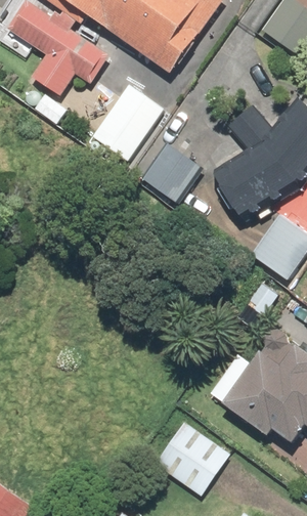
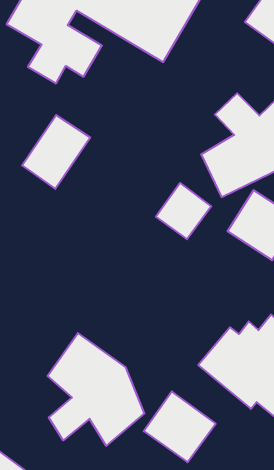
building: [93,83,165,161] -> [22,115,90,189]
building: [141,142,200,202] -> [156,183,211,239]
building: none -> [48,333,144,446]

